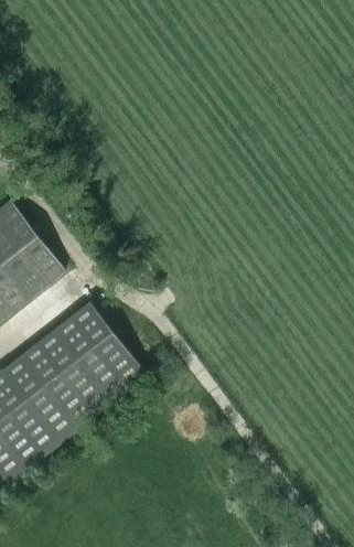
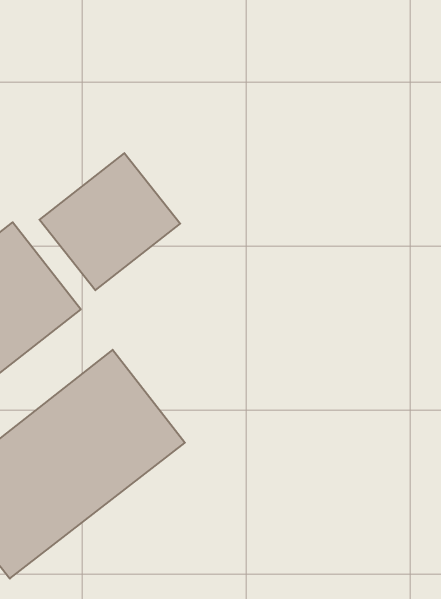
building: none -> [39,153,180,290]

